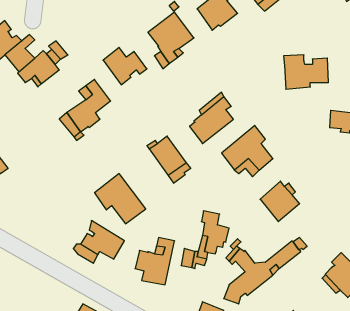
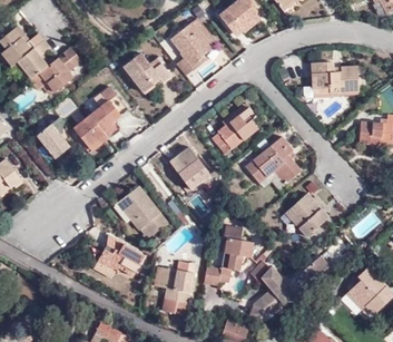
building: none -> [39,123,71,157]

